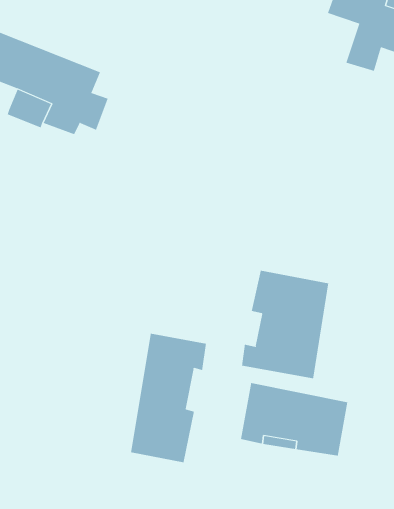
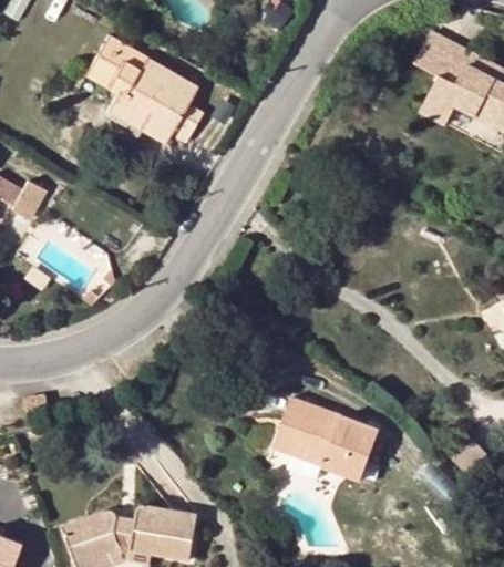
building: [242,270,329,379] -> none
building: [130,333,207,463] -> none

